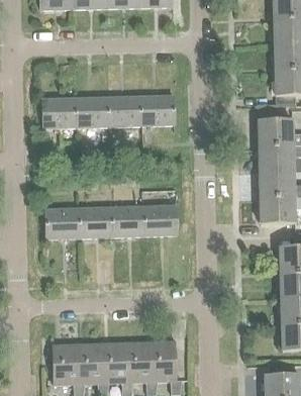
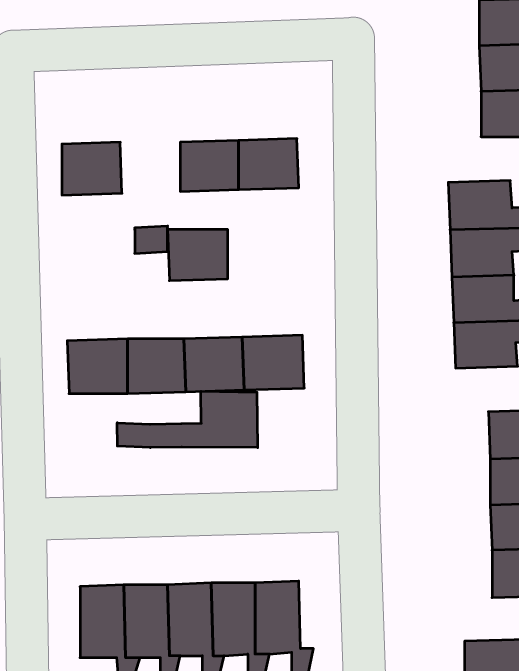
building: [75,98,108,126] -> [168,230,228,281]
building: none -> [117,391,258,448]

